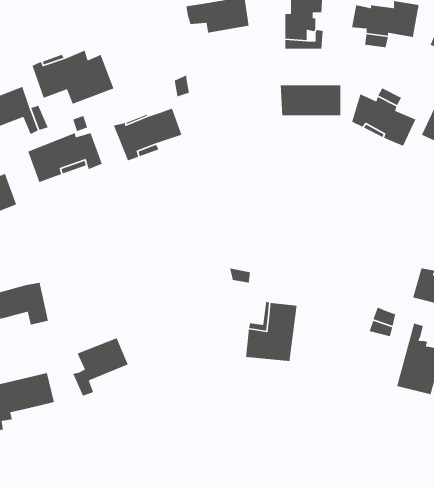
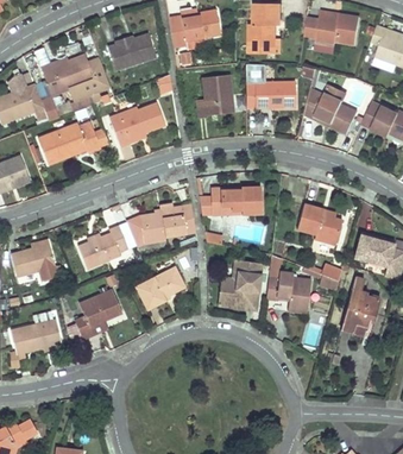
building: none -> [109,32,156,69]
building: none -> [196,75,233,119]
building: none -> [210,187,260,214]
building: none -> [139,203,195,242]
building: none -> [296,203,341,245]
building: none -> [78,223,128,269]
building: none -> [136,265,184,307]
building: none -> [266,276,310,313]

